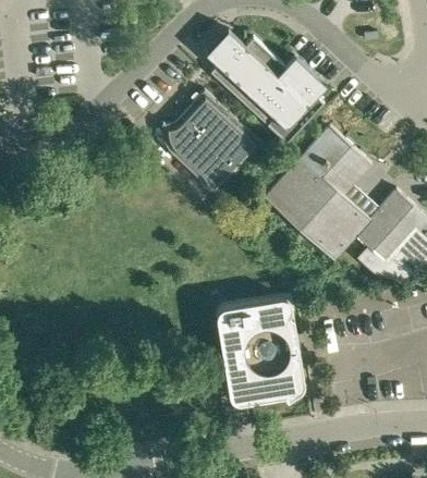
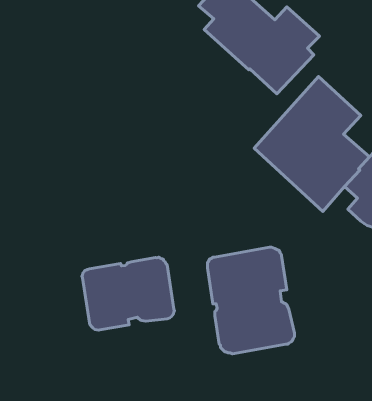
building: [162,88,264,192] -> none
building: none -> [82,257,174,330]

